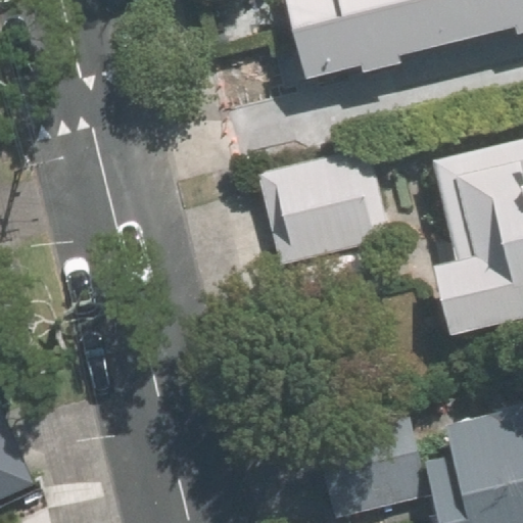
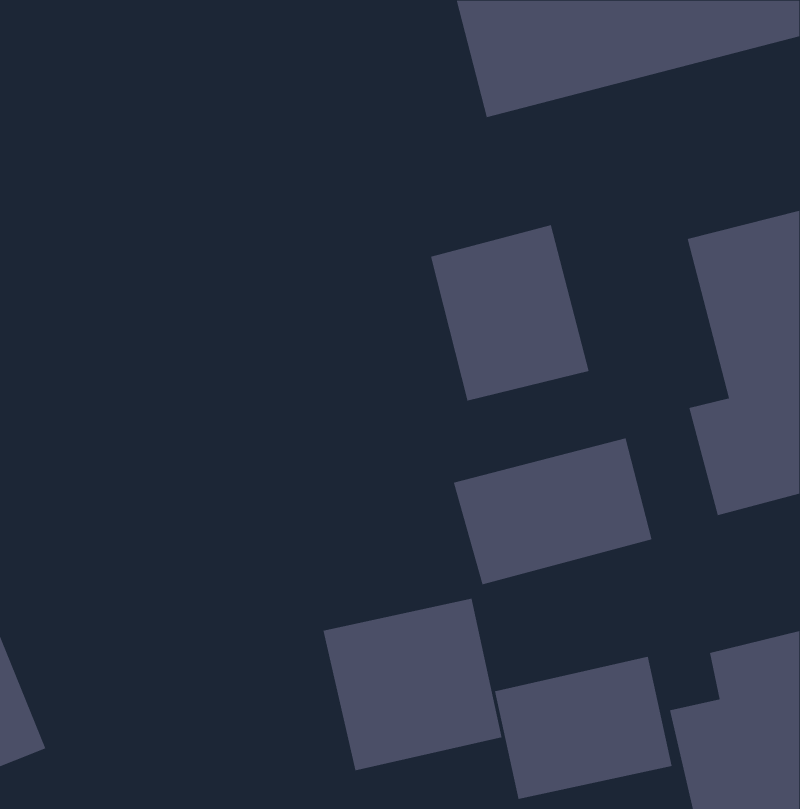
building: none -> [453,437,652,585]
building: none -> [323,598,502,771]

